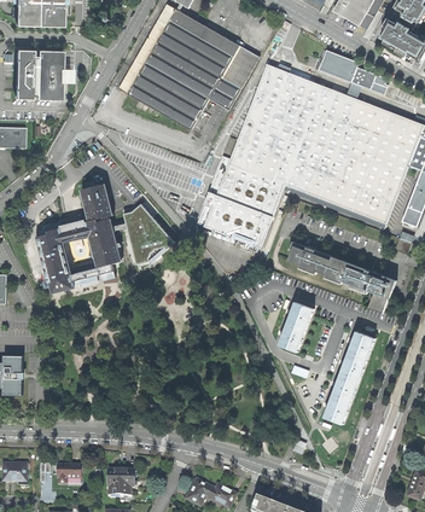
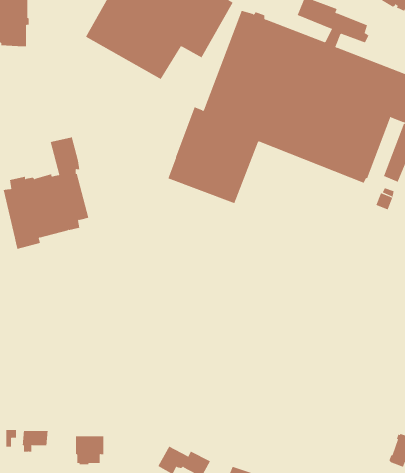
building: [287,240,396,312] -> none
building: [278,302,313,351] -> none
building: [324,331,374,424] -> none

